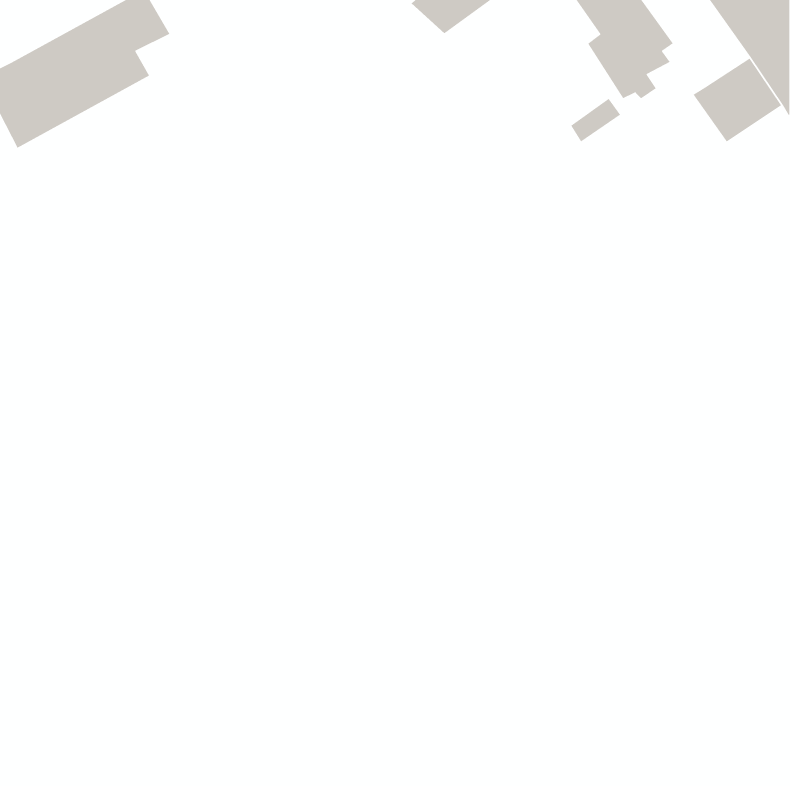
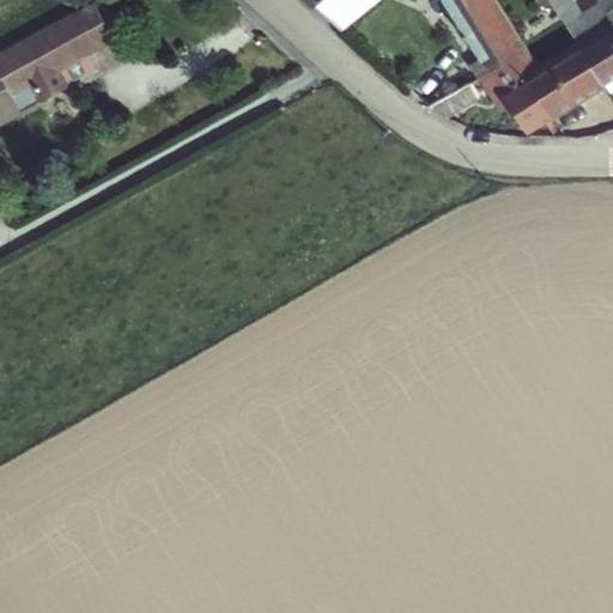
building: none -> [481,48,562,132]

